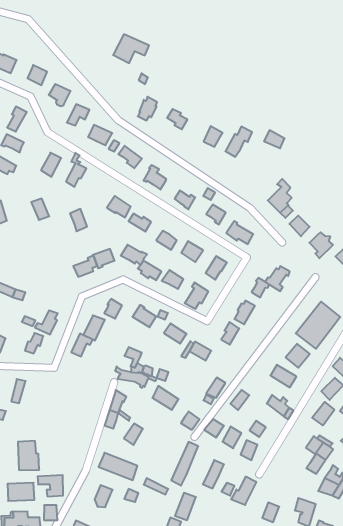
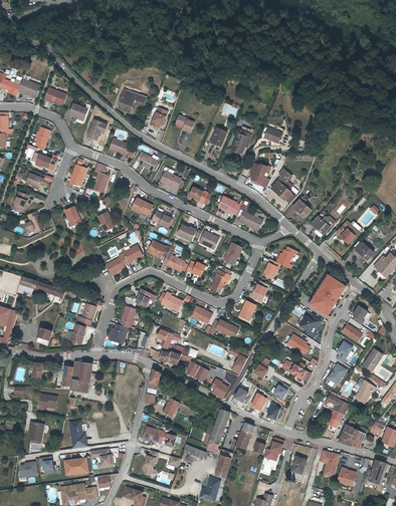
building: [113,34,149,63] -> [116,89,147,114]
building: none -> [246,162,269,188]
building: none -> [69,363,89,392]

